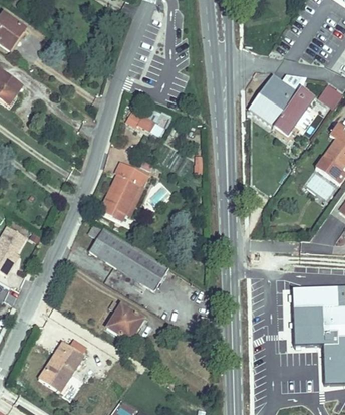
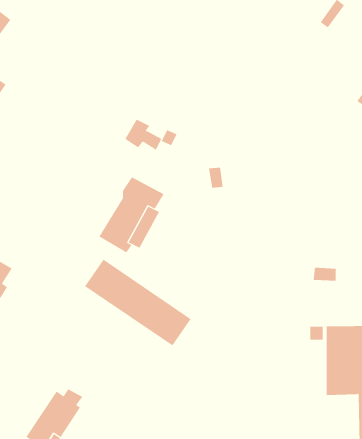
building: [248,76,312,136] -> none
building: [108,306,144,344] -> none

